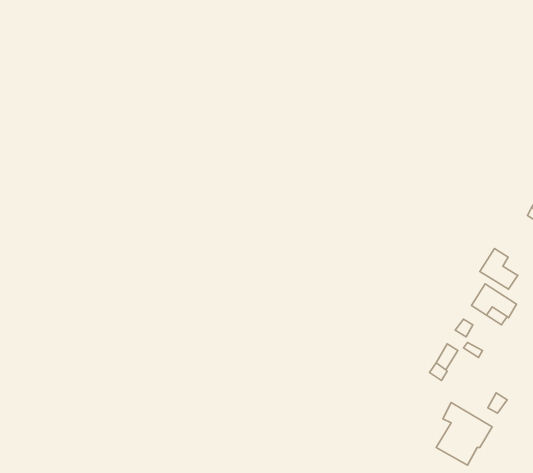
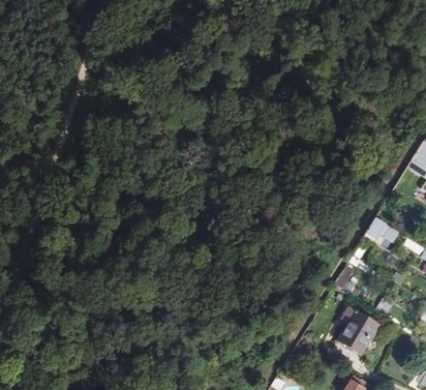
building: [480,249,518,289] -> none

